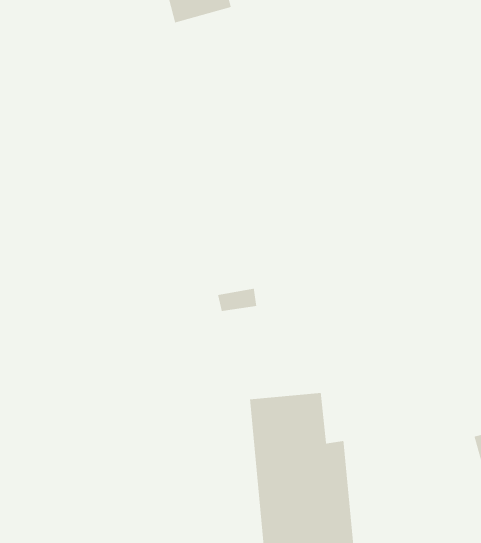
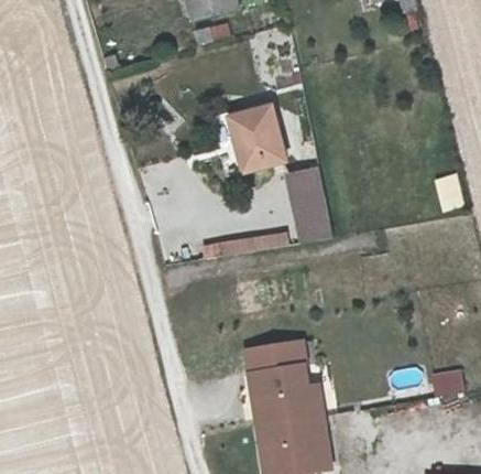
building: none -> [223,112,276,176]
building: none -> [286,170,331,245]

